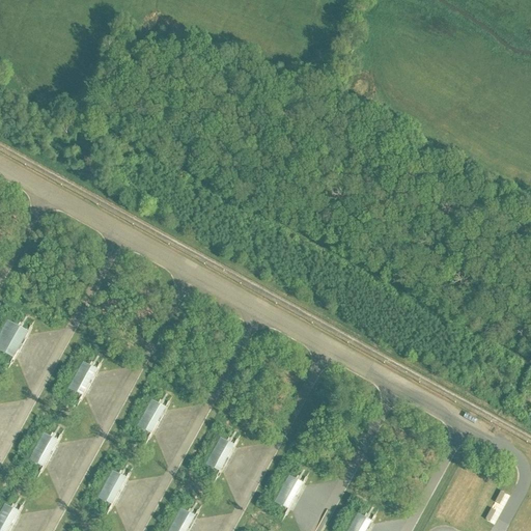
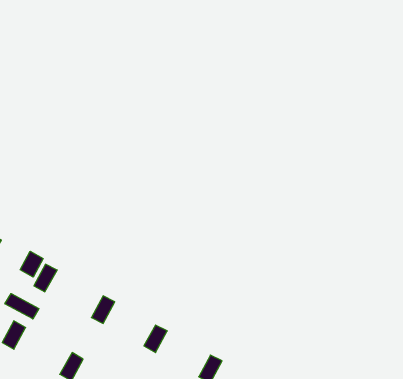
building: none -> [20,251,43,277]
building: none -> [5,294,39,319]

